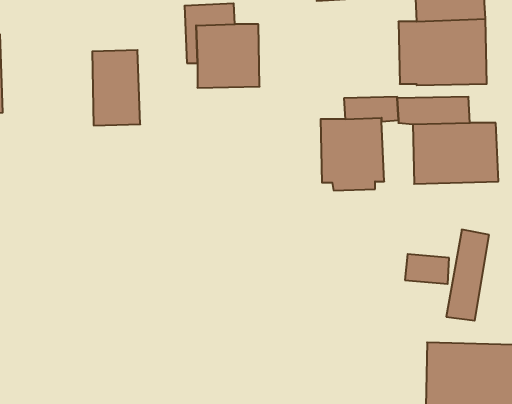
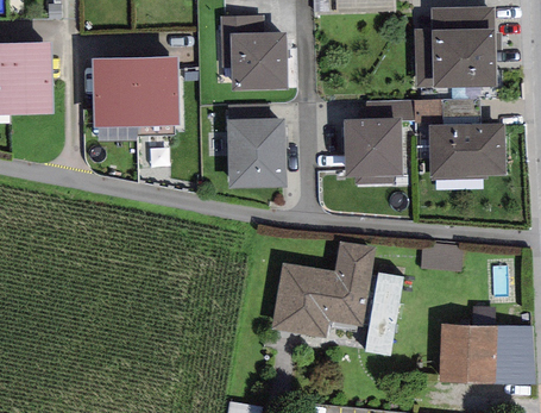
building: none -> [92,57,136,126]
building: none -> [227,118,285,188]
building: [446,230,489,321] -> [364,271,403,355]
building: none -> [271,240,375,337]

